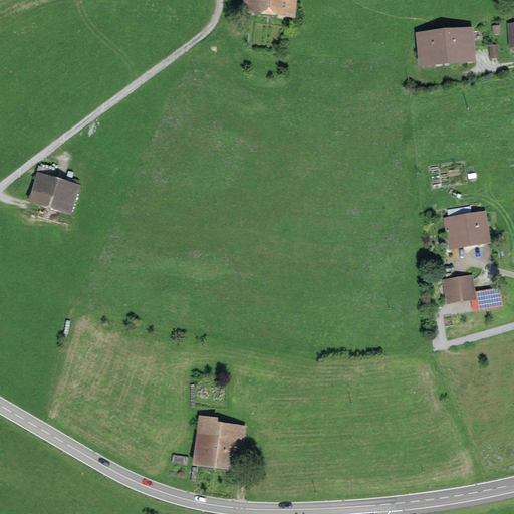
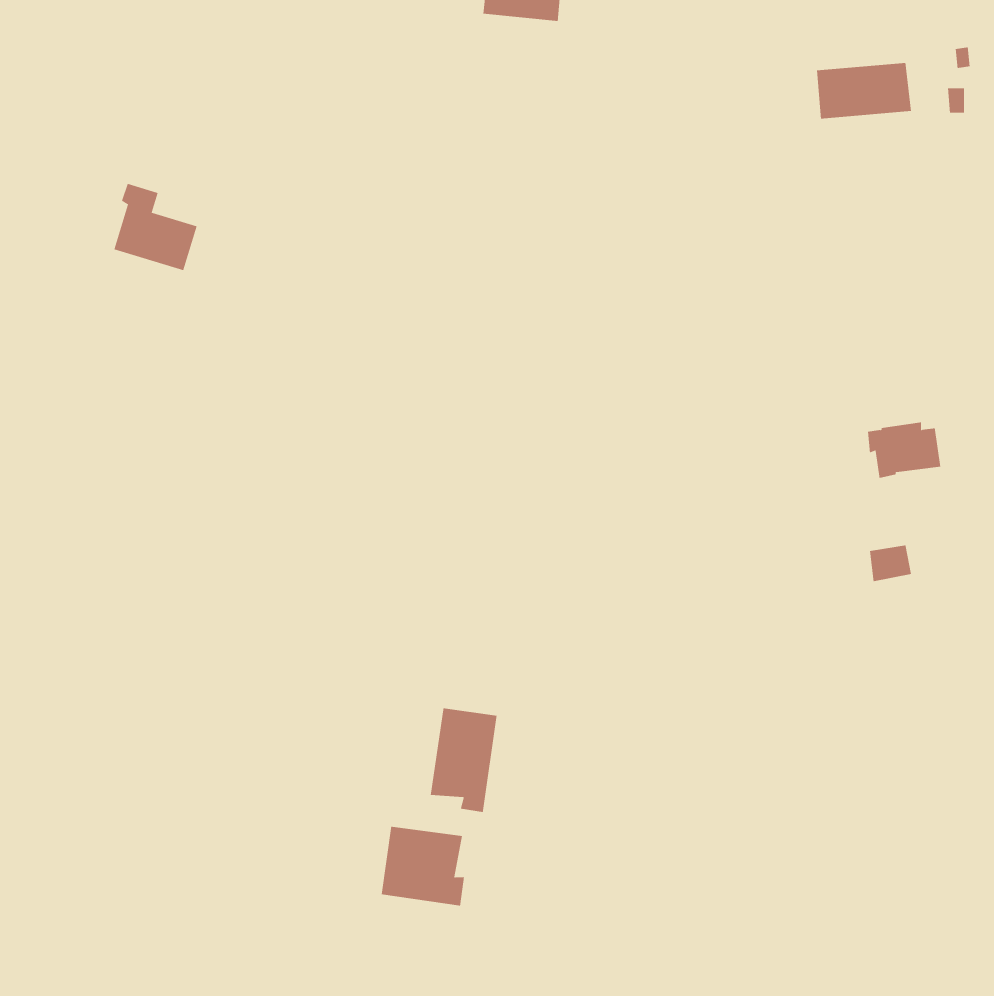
building: [31,165,74,210] -> [113,183,197,271]
building: none -> [430,707,497,813]

